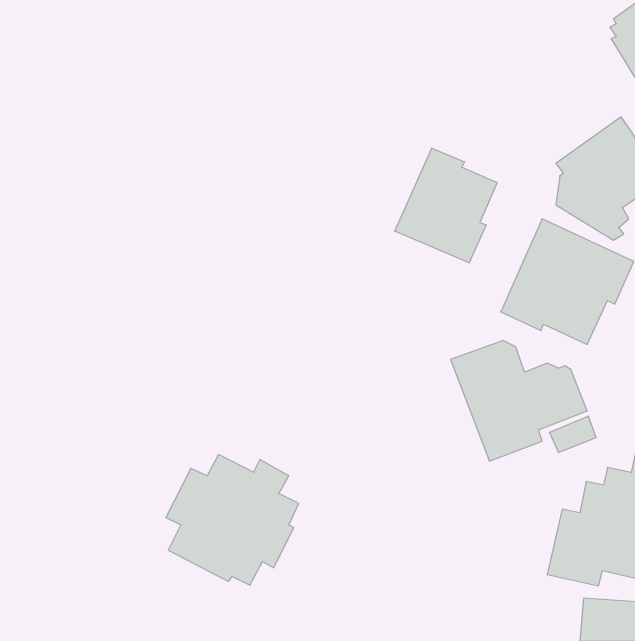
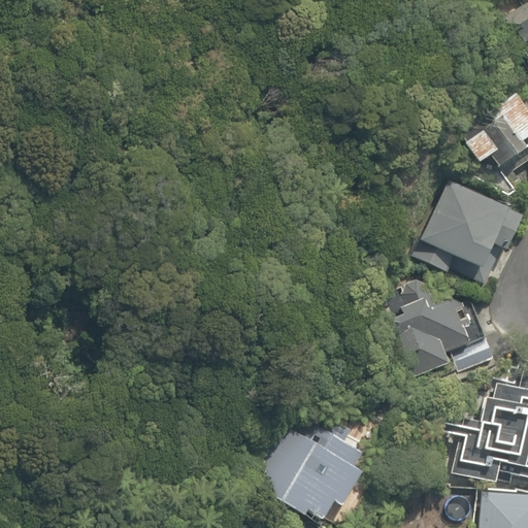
building: [395,148,497,263] -> none
building: [166,455,299,585] -> [255,412,364,520]

